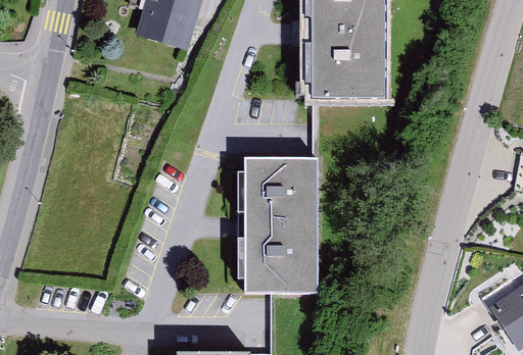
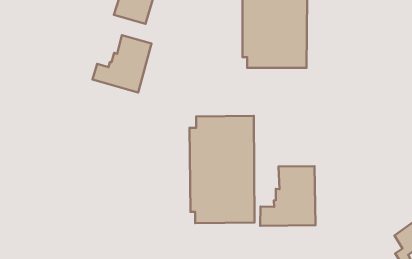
building: none -> [92,35,152,93]
building: none -> [260,166,316,226]

